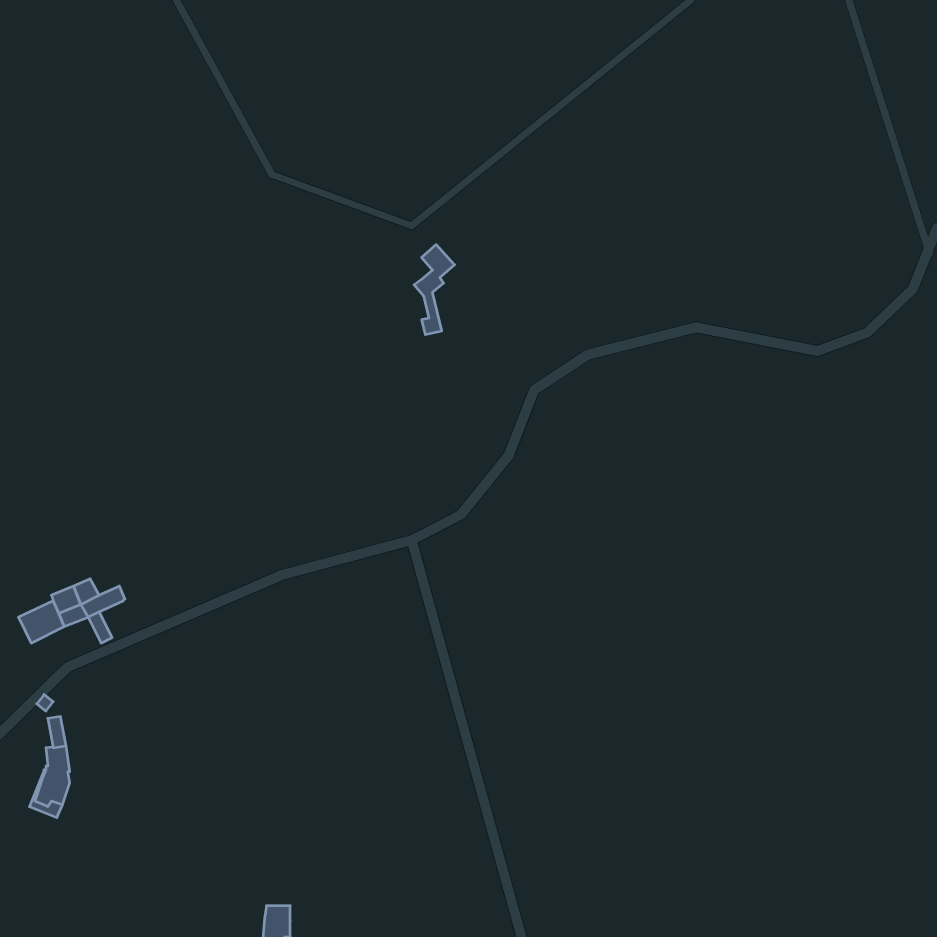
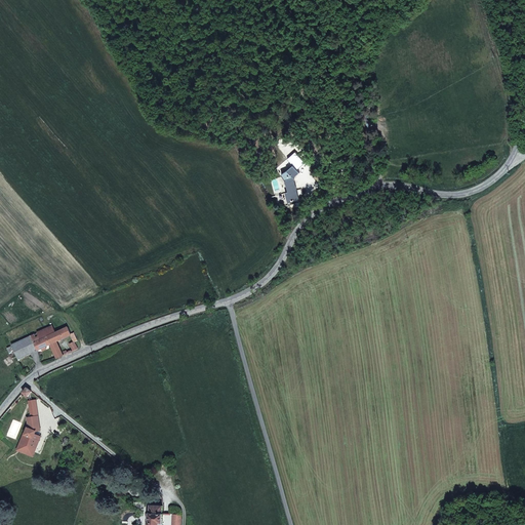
building: [414,245,455,335] -> [282,152,305,202]

